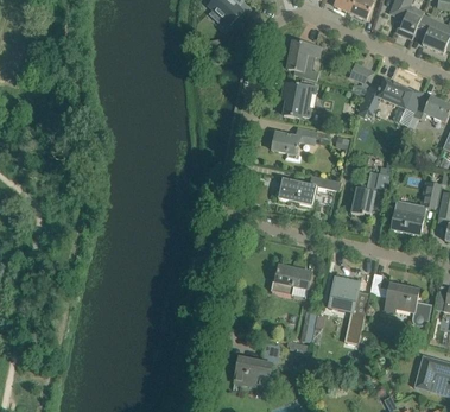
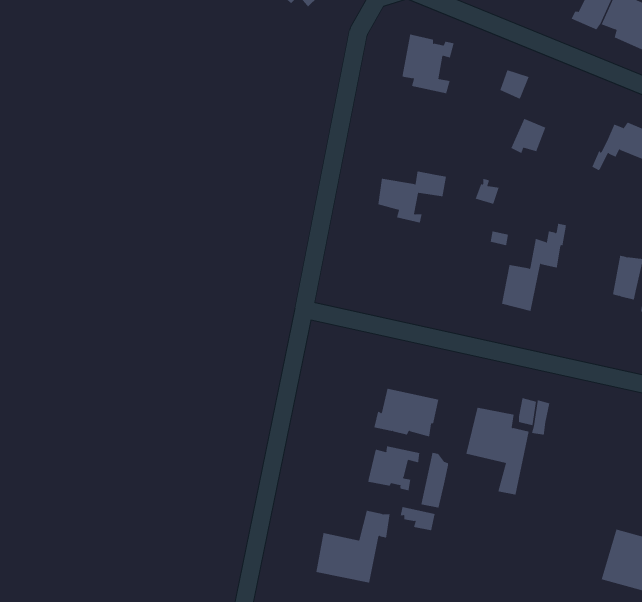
building: [376,78,422,112] -> none
building: [280,81,317,118] -> none
building: [277,175,341,204] -> none
building: [389,202,425,234] -> none
building: [382,281,430,325] -> none
building: none -> [367,445,420,491]

